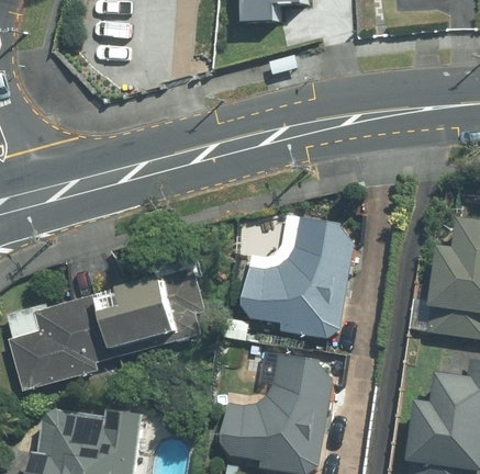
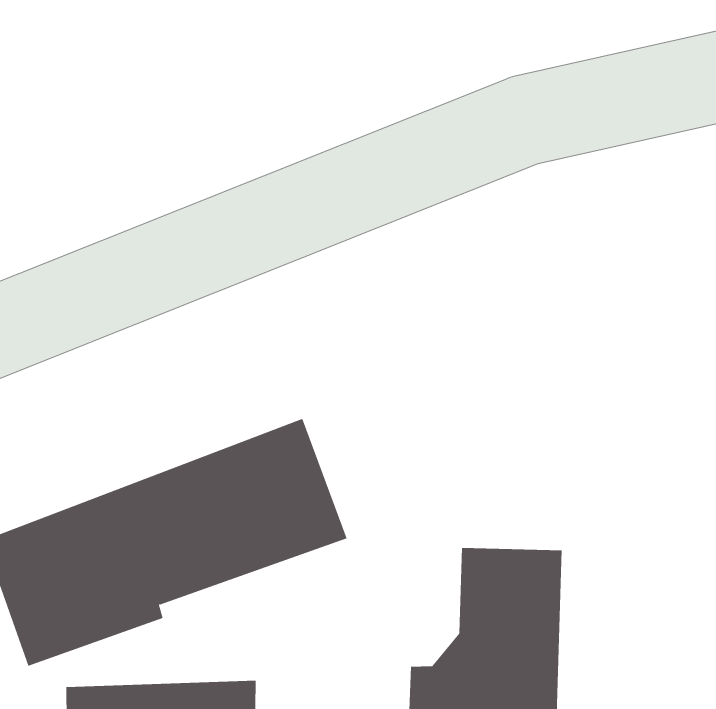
building: [239,214,346,338] -> none

